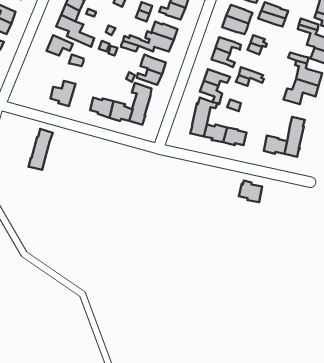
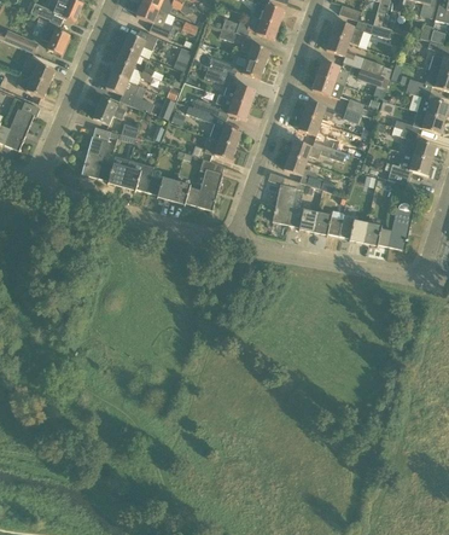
building: none -> [121,158,151,191]
building: [29,129,53,170] -> [81,126,111,176]
building: [239,181,262,202] -> [338,215,367,242]

